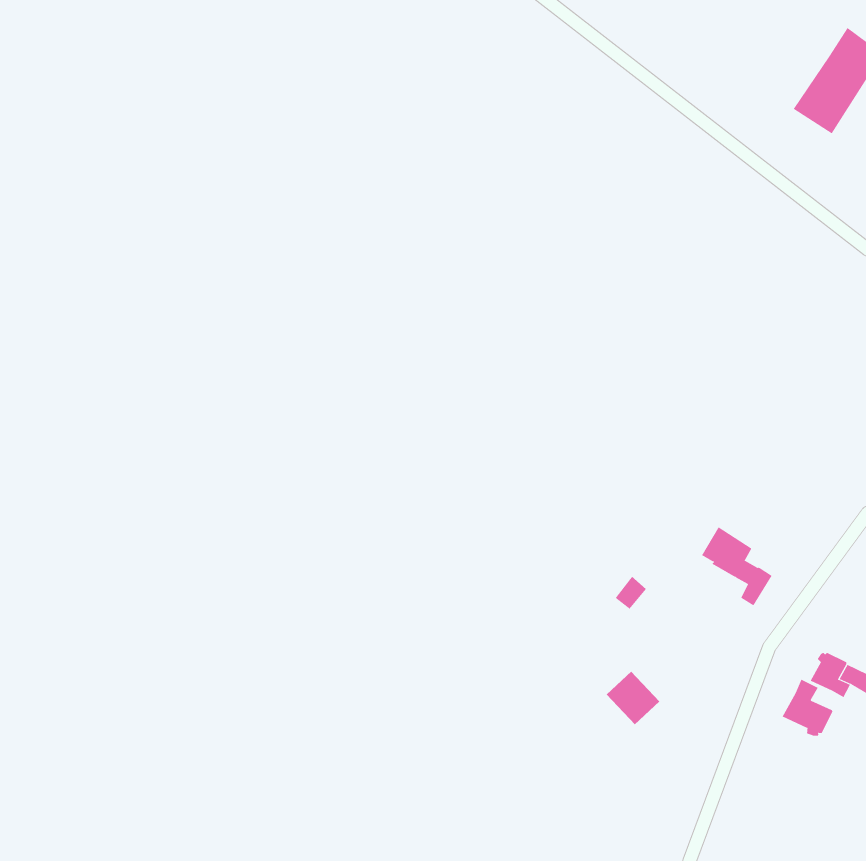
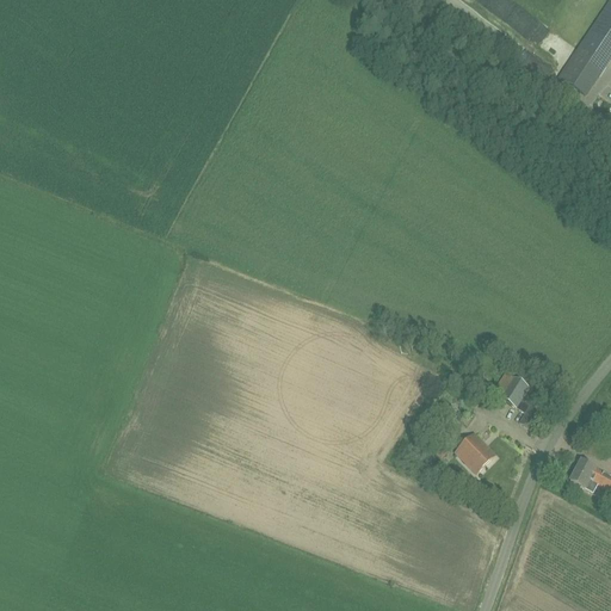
building: [606,671,660,725] -> [457,432,495,470]
building: [782,679,833,737] -> none

